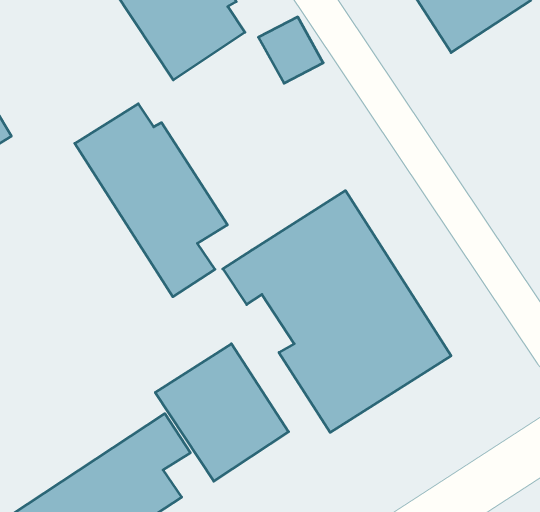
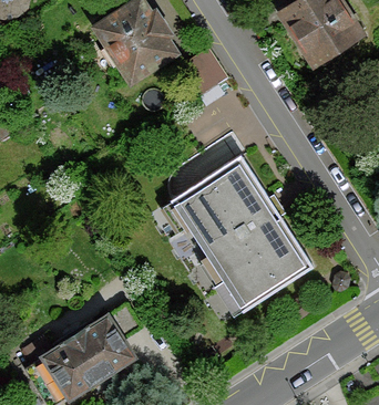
building: [75,104,227,297] -> none
building: [155,344,289,481] -> none

